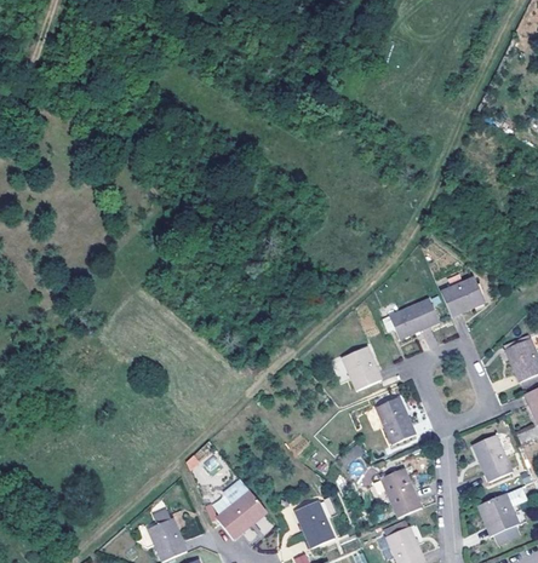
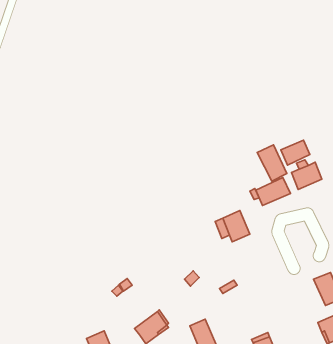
building: none -> [281,140,310,165]
building: none -> [257,145,287,181]
building: [376,397,414,444] -> none
building: [380,469,420,517] -> none

